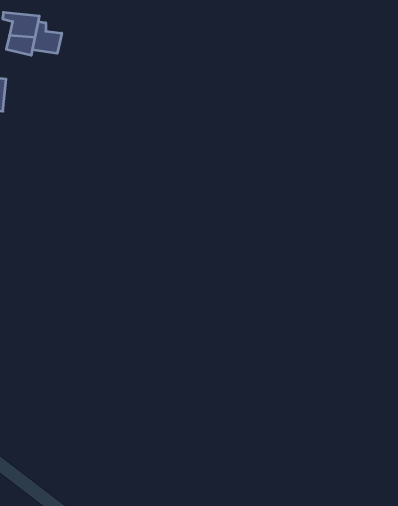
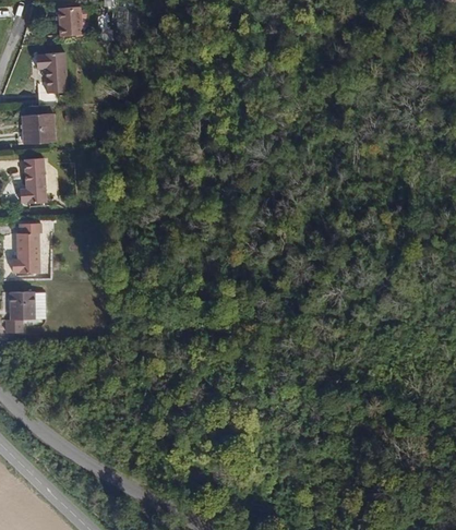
building: [33,21,62,53] -> none

